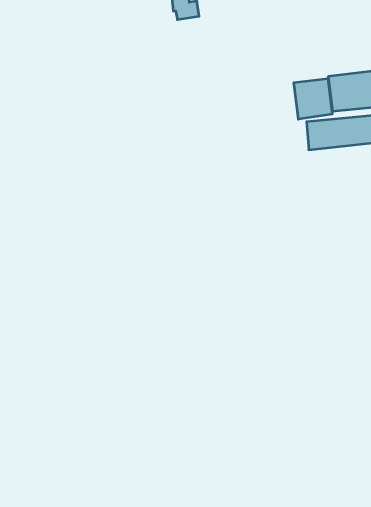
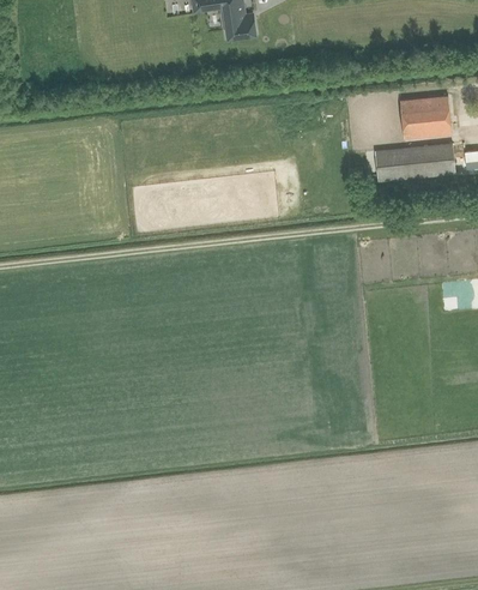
building: [294,78,332,119] -> none

